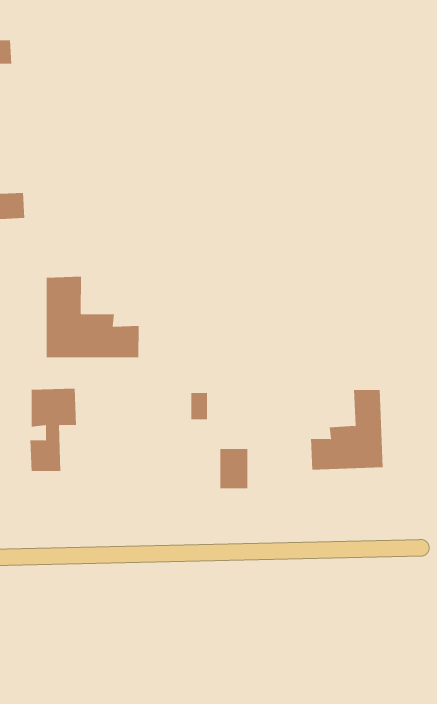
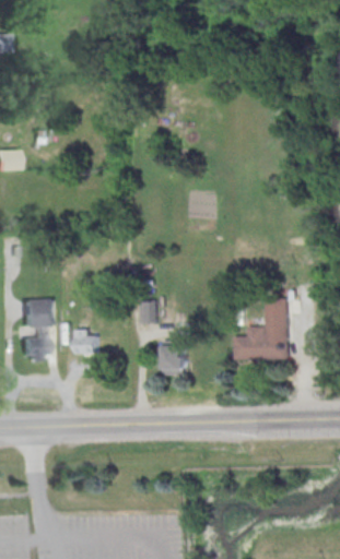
building: [46,276,139,358] -> none
building: none -> [81,330,102,357]

